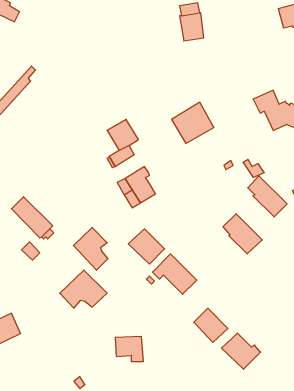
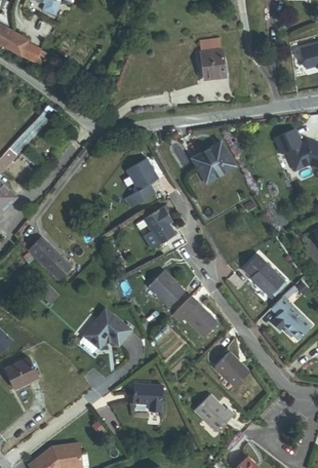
building: [248,176,287,217] -> [271,296,311,338]
building: [73,227,108,270] -> none
building: [221,333,261,369] -> [194,394,234,431]

